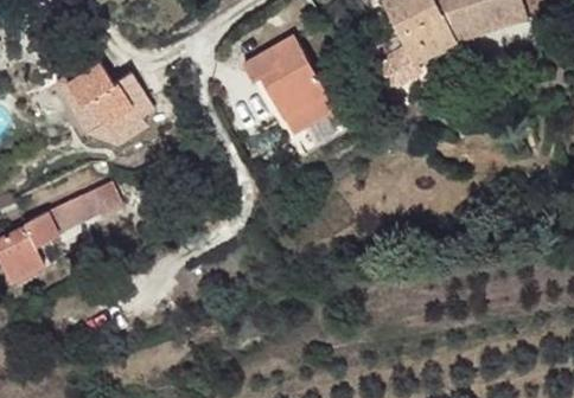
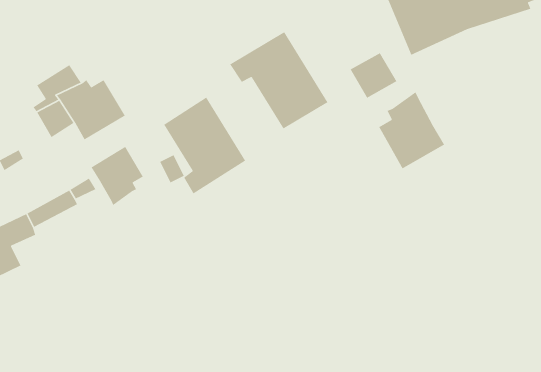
building: none -> [378,91,445,169]
building: none -> [163,96,246,195]
building: none -> [90,146,144,206]

